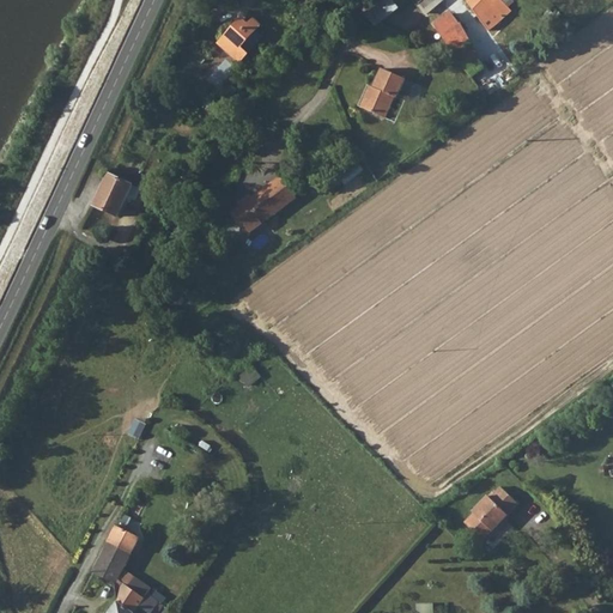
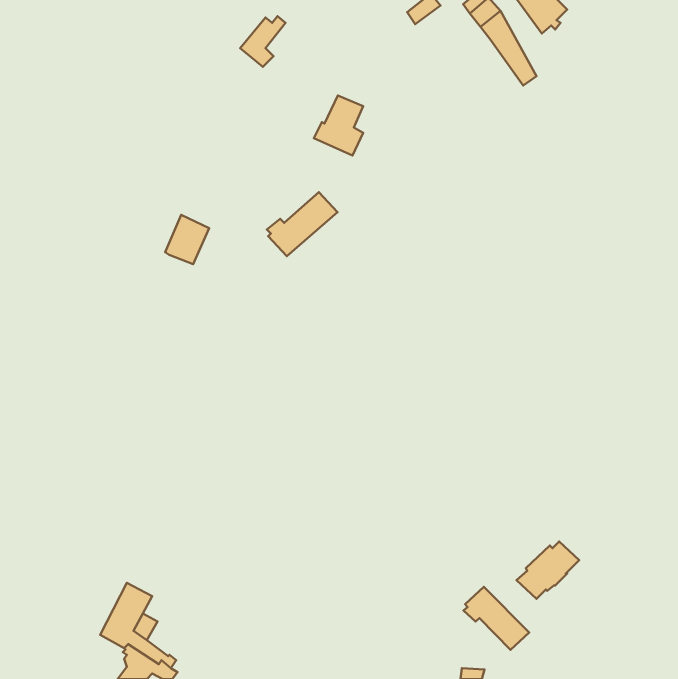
building: [359,65,403,119] -> [314,96,363,156]
building: [92,169,132,213] -> [165,215,209,264]
building: none -> [463,587,529,650]

